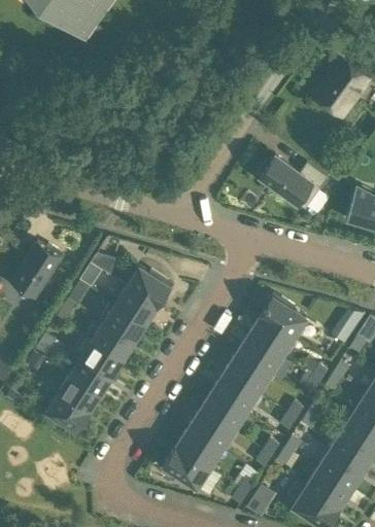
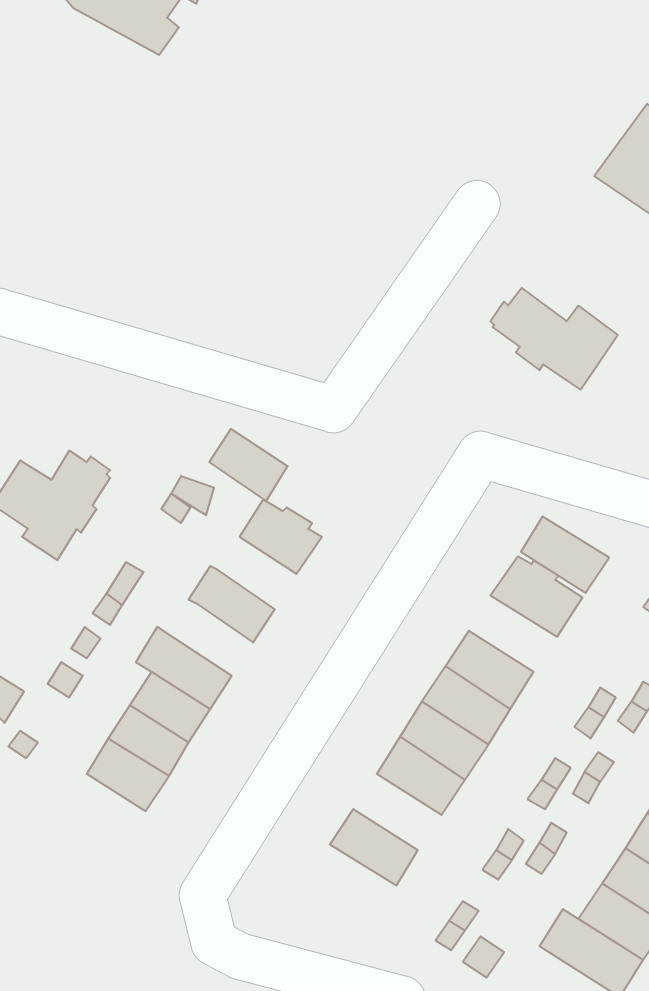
building: [116,286,158,324] -> [209,429,288,501]
building: [248,317,295,357] -> [521,516,609,593]
building: [94,321,135,359] -> none
building: [187,411,234,451] -> none
building: [164,448,209,488] -> none

